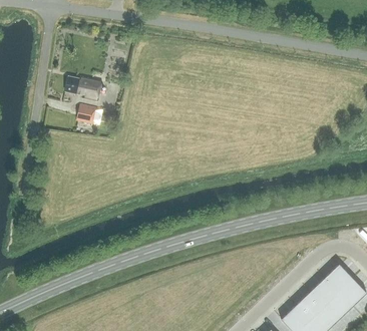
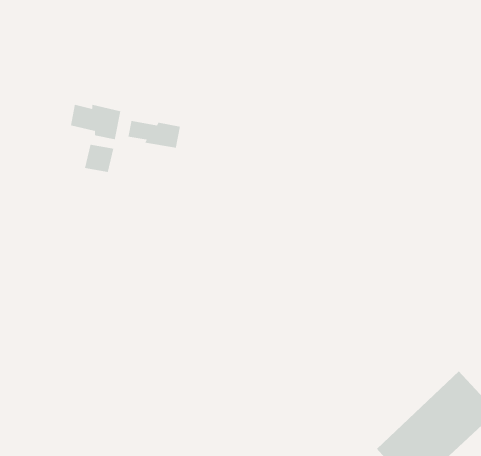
building: none -> [128,120,180,148]

